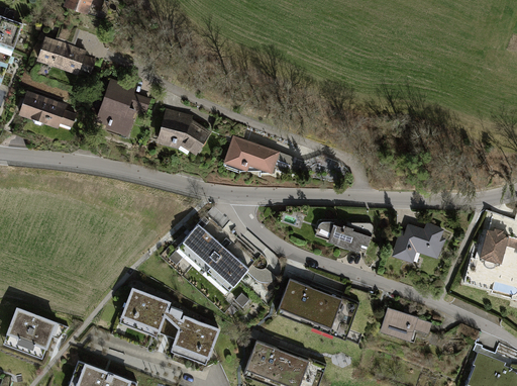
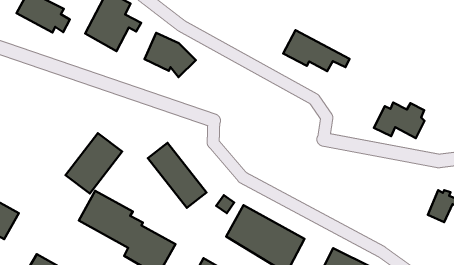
building: [225,135,295,173] -> [283,30,350,71]
building: [330,221,373,252] -> none
building: [389,223,440,261] -> [374,103,424,138]
building: none -> [66,133,122,194]

